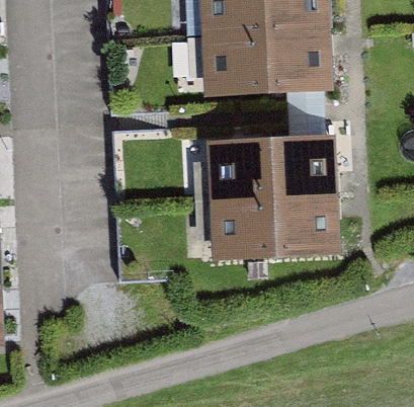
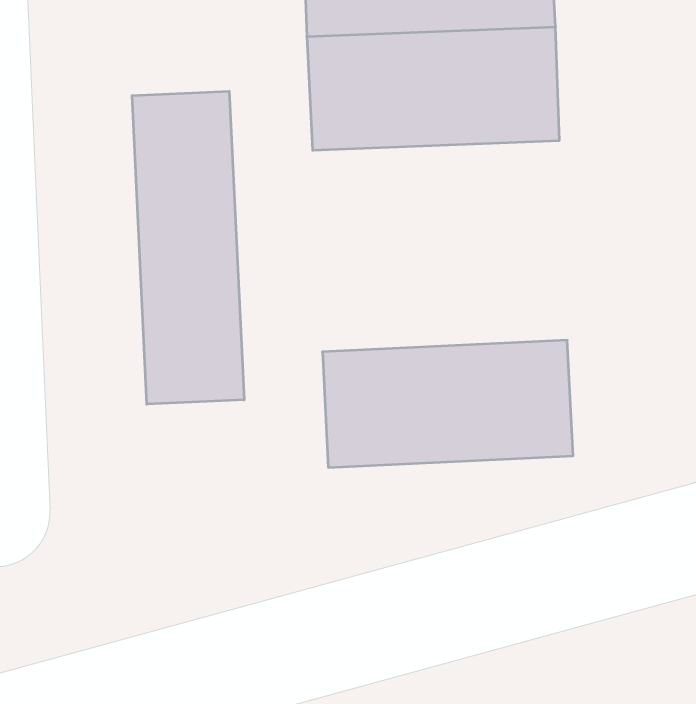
building: none -> [132,91,244,404]
building: [205,136,335,200] -> none

